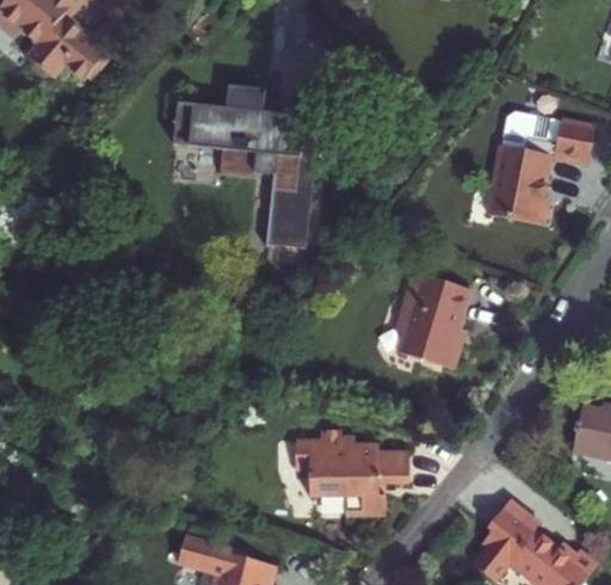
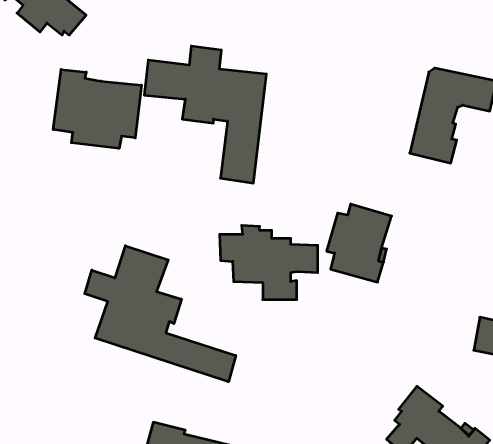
building: none -> [53,69,141,148]
building: none -> [85,246,236,382]
building: [295,426,412,515] -> [220,225,318,300]

